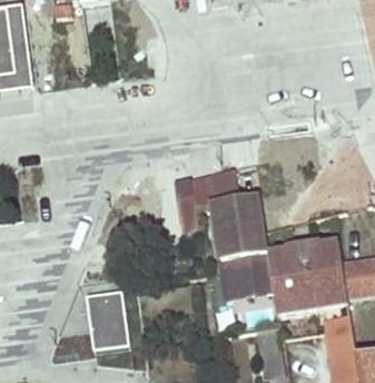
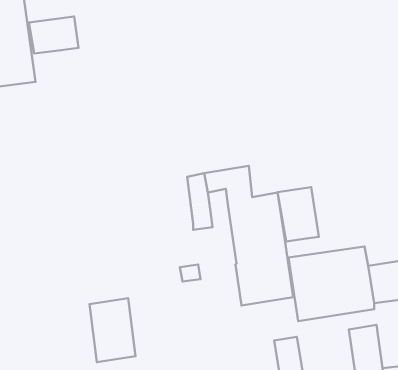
building: none -> [29,17,78,54]
building: none -> [278,187,319,241]

